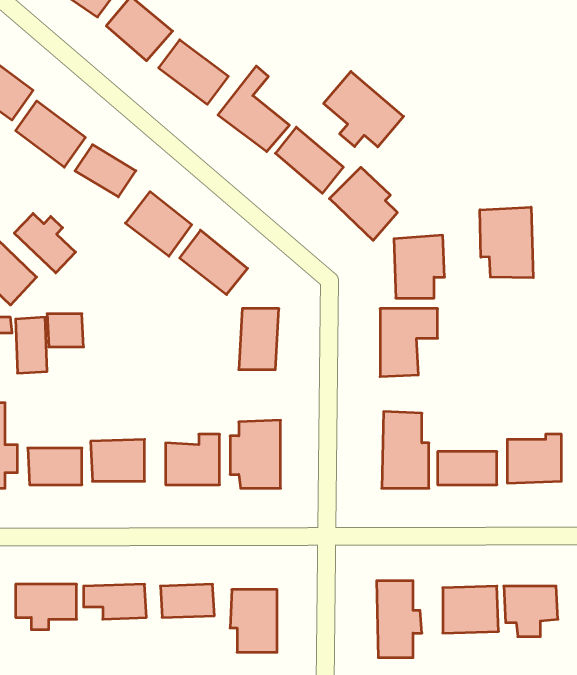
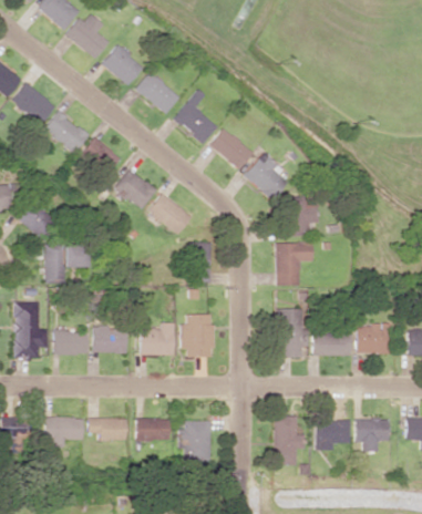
building: [324,71,404,147] -> none
building: [480,207,533,278] -> none
building: [14,213,76,273] -> none

